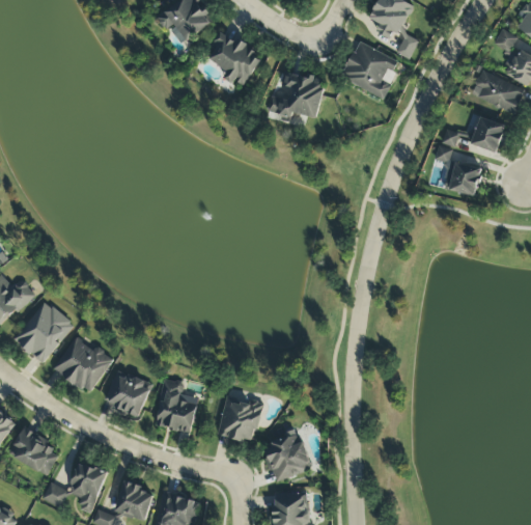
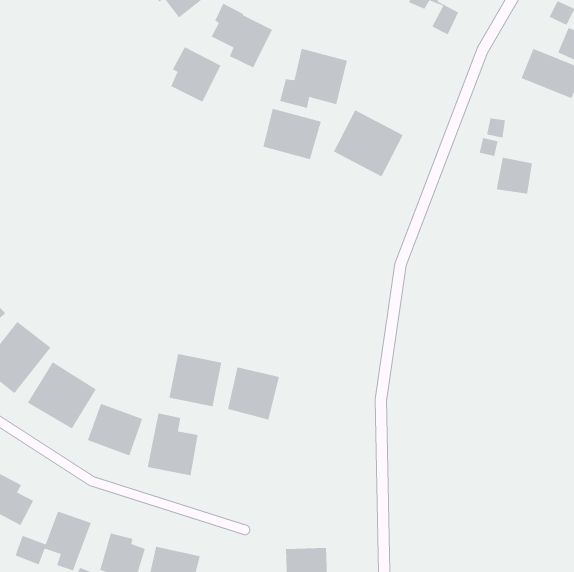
building: [340,40,400,99] -> [333,109,404,178]
building: none -> [170,46,222,103]
building: [471,115,507,153] -> none
building: none -> [263,108,322,160]
building: none -> [168,353,222,407]
building: [218,397,262,443] -> [227,367,280,420]
building: [264,433,311,480] -> none

